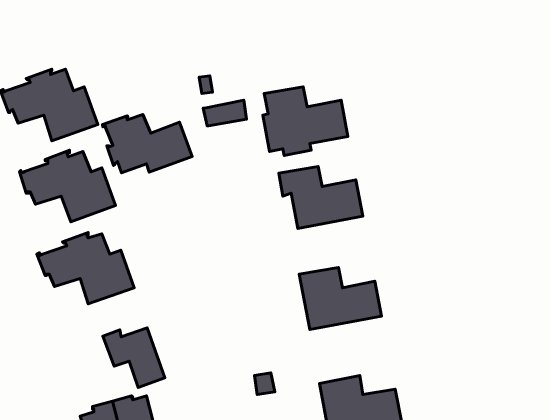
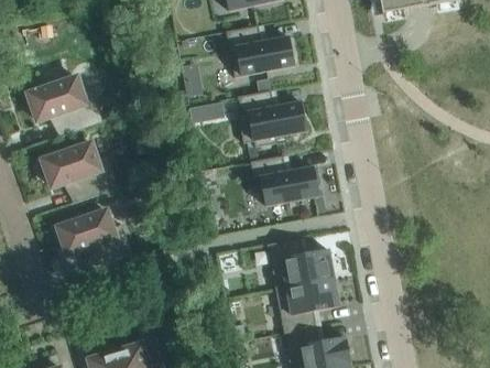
building: none -> [227,24,295,76]
building: [102,114,192,173] -> none
building: none -> [276,277,340,332]
building: [103,328,165,388] -> none

